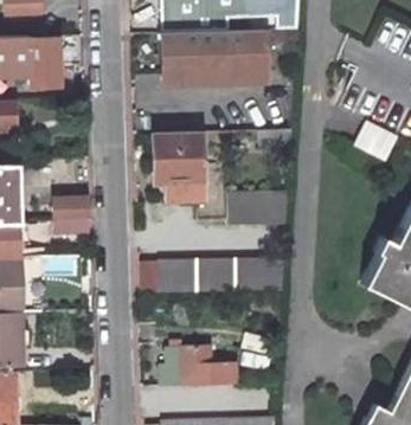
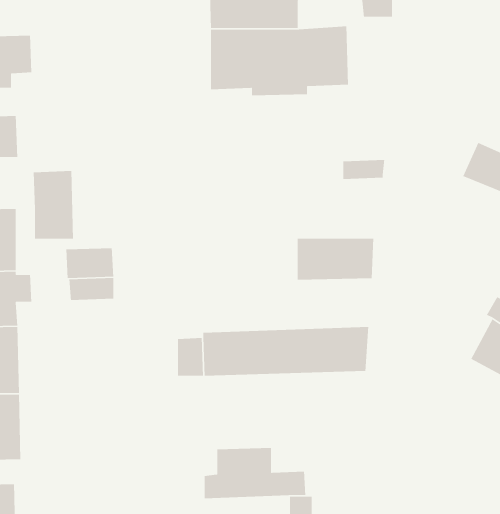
building: [30,36,60,88] -> [33,170,74,239]
building: [154,134,205,198] -> none

